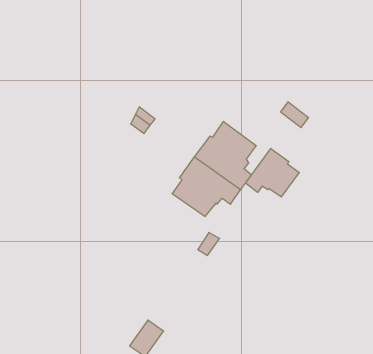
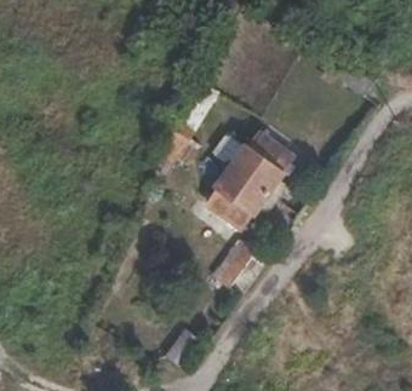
building: [245,148,299,197] -> none

